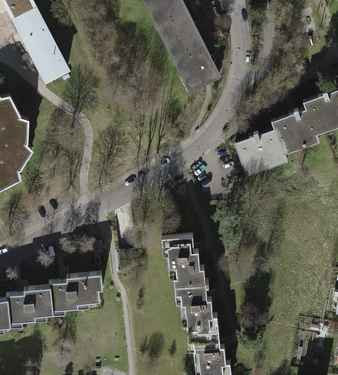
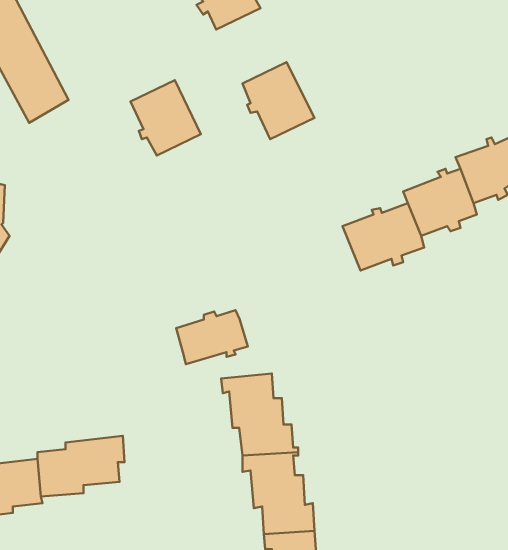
building: [158,11,201,57] -> [130,80,201,156]
building: none -> [176,310,248,364]

